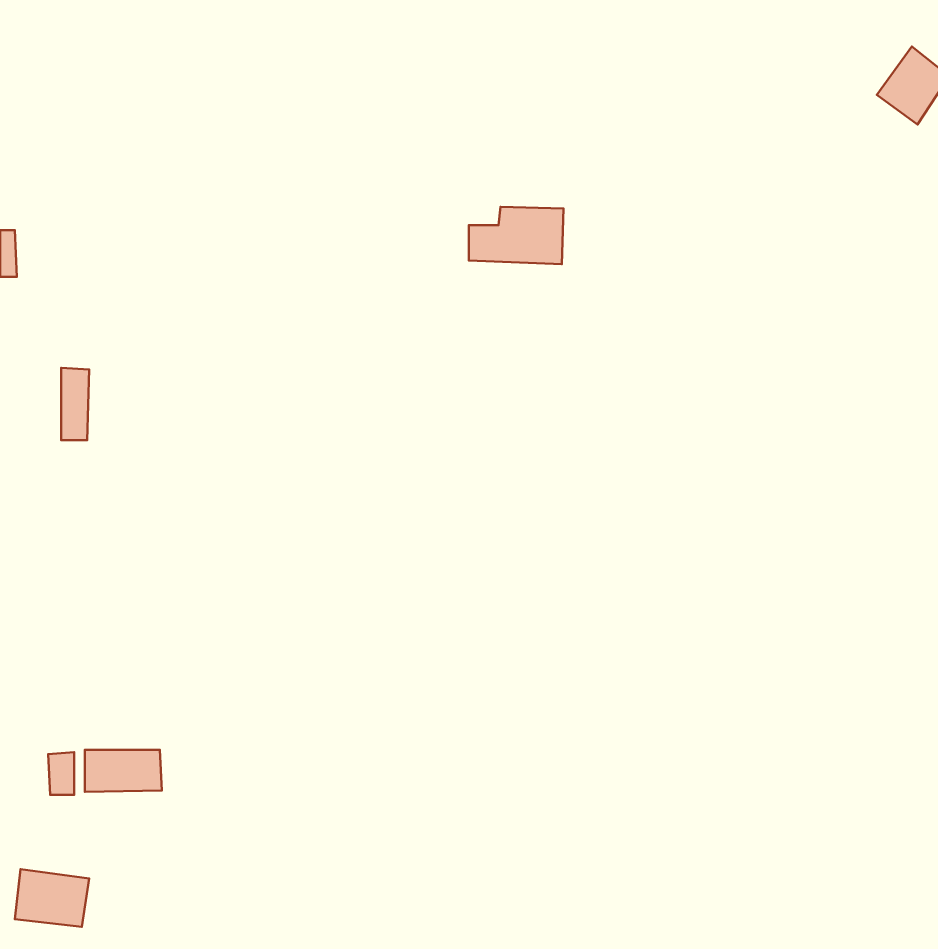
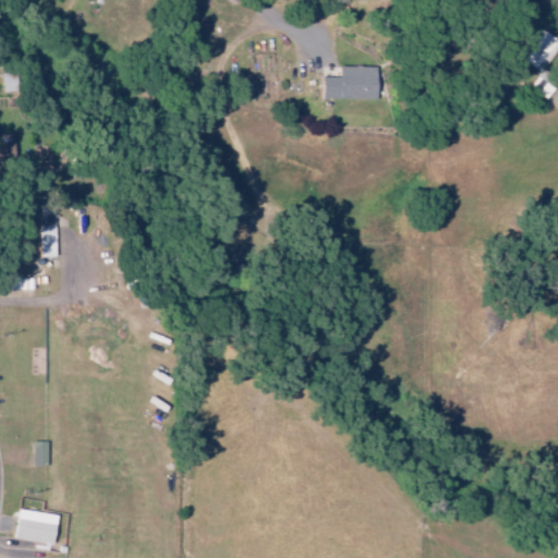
building: [469,207,564,264] -> [324,66,379,100]
building: [85,750,162,792] -> none

